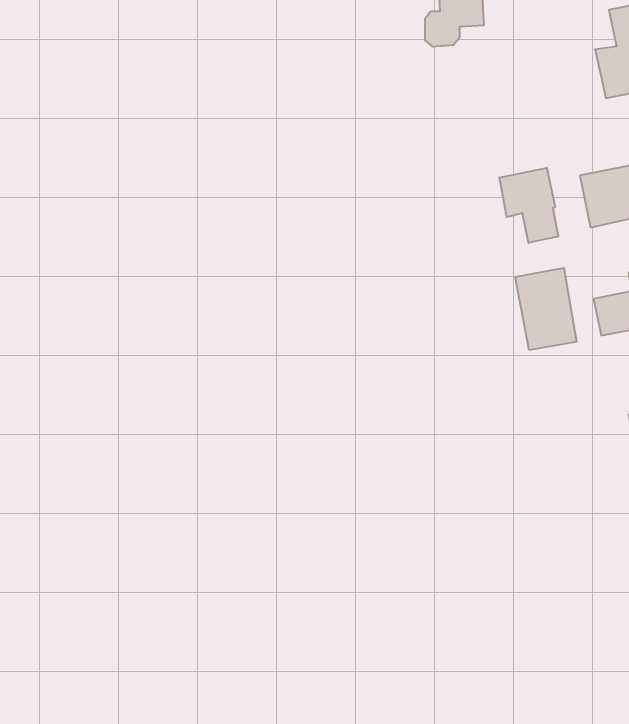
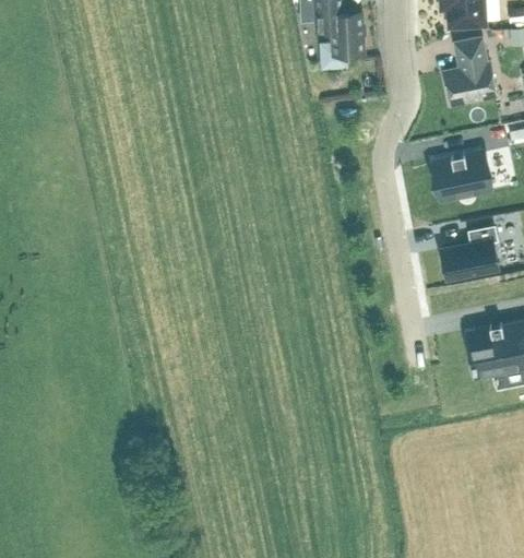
building: [499,168,558,243] -> none
building: [515,268,576,350] -> none

